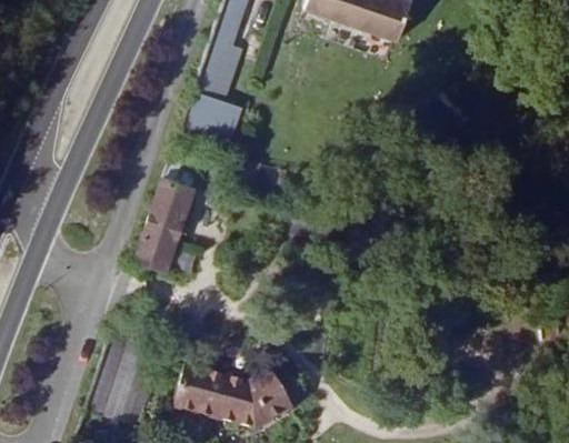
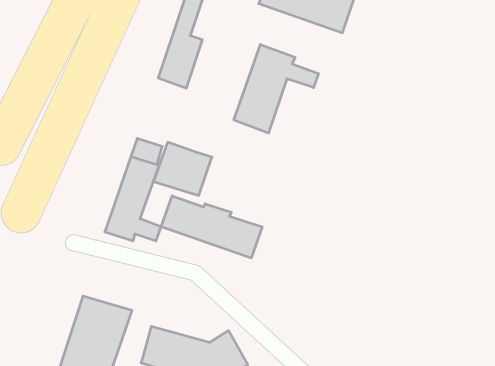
building: none -> [234,44,318,133]
building: [180,92,244,151] -> [153,142,212,195]
building: none -> [161,196,262,258]

